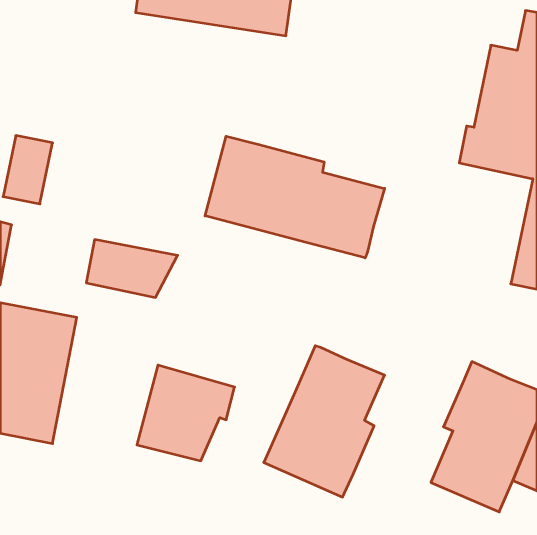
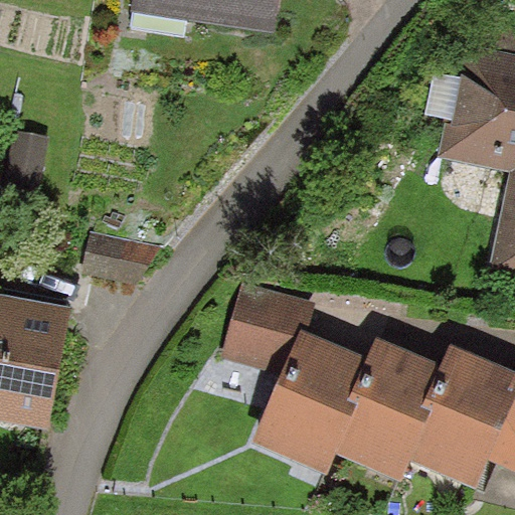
building: [205,136,385,258] -> none
building: none -> [338,338,443,483]
building: [137,365,235,461] -> [222,281,316,372]

